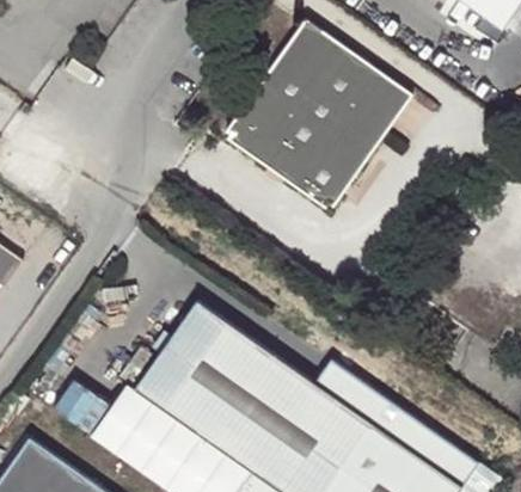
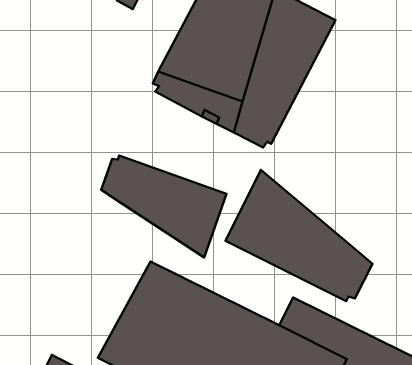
building: none -> [101,156,227,257]
building: none -> [226,170,372,301]

